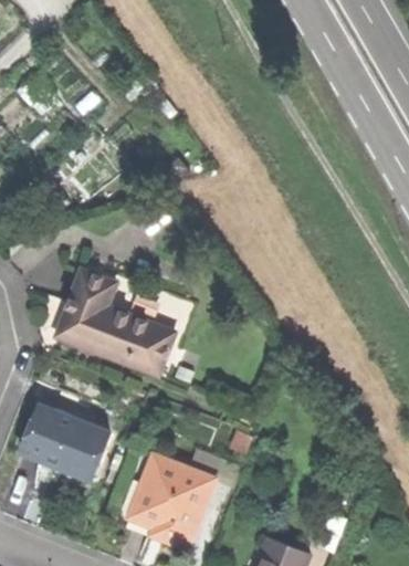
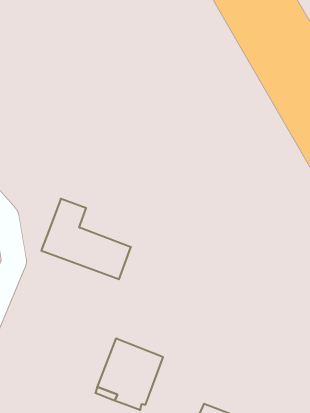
building: [20,406,109,479] -> none

